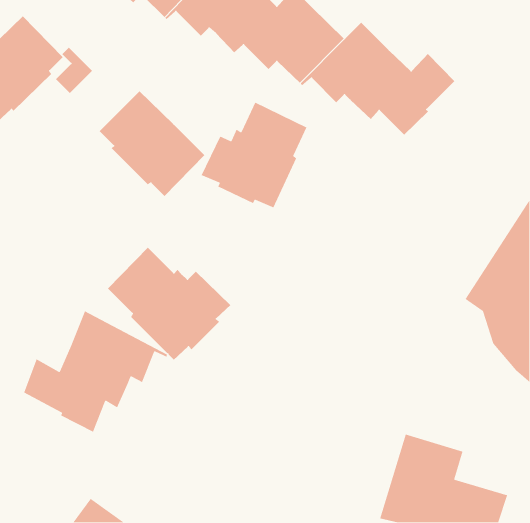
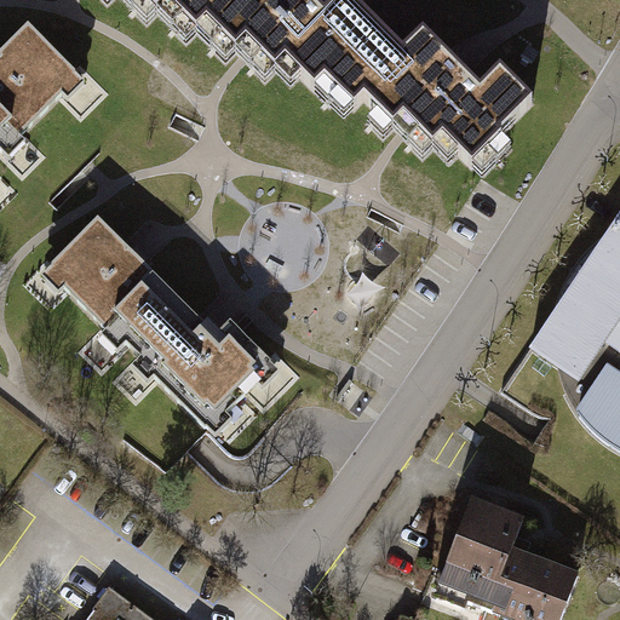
building: [99,90,205,197] -> [48,212,172,335]
building: [200,101,308,208] -> none
building: [23,310,168,433] -> none

